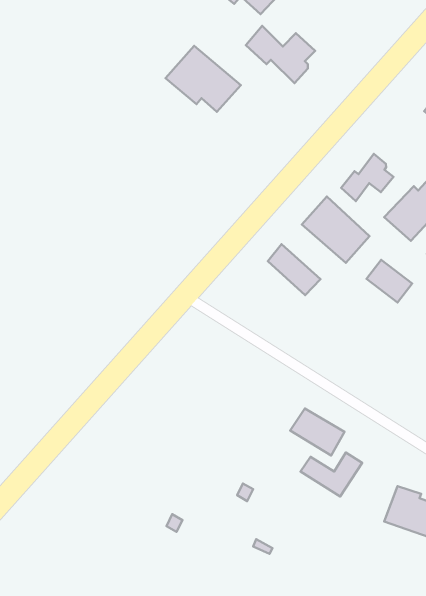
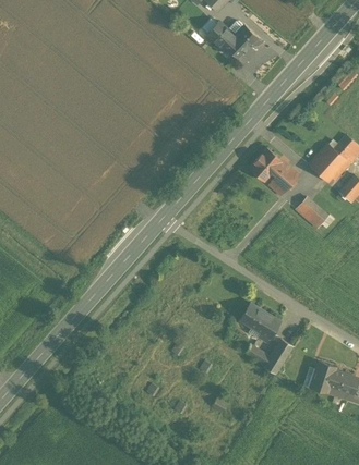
building: [166,46,241,112] -> none
building: [341,154,393,201] -> none
building: [268,244,321,295] -> none

